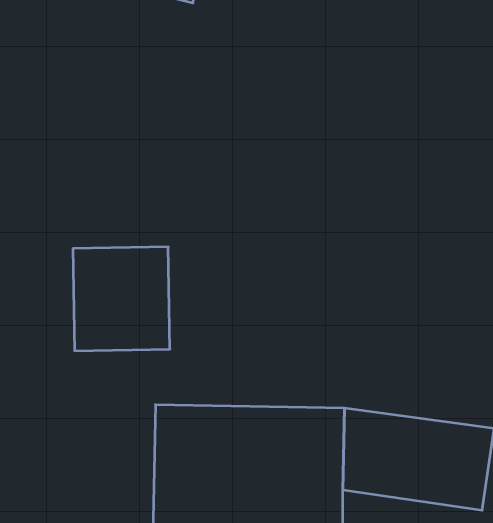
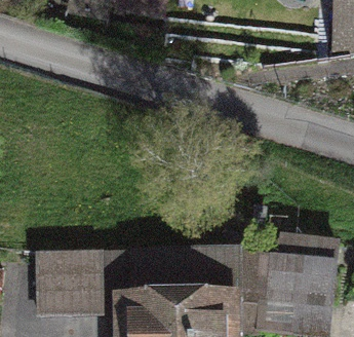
building: [73,247,170,351] -> [40,255,99,317]

